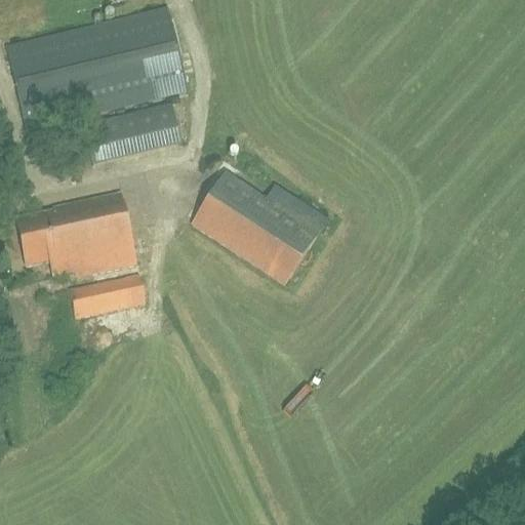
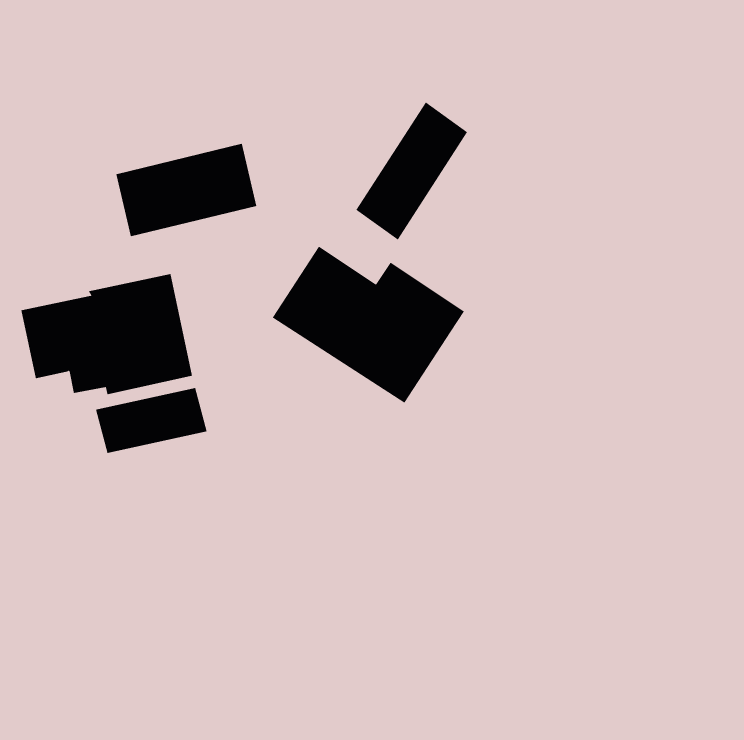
building: [7,6,188,127] -> none
building: none -> [356,102,468,240]

